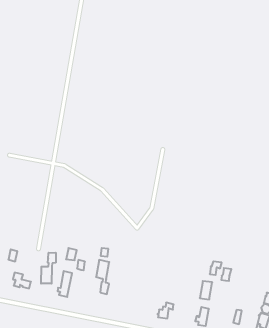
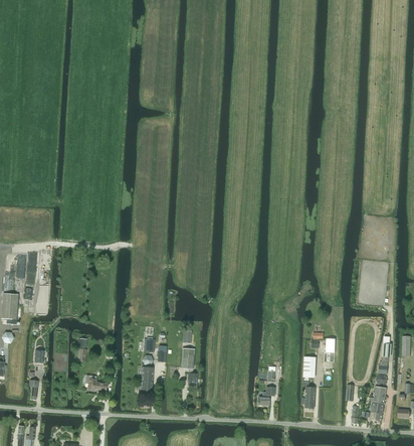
building: [41,253,56,284] -> none

